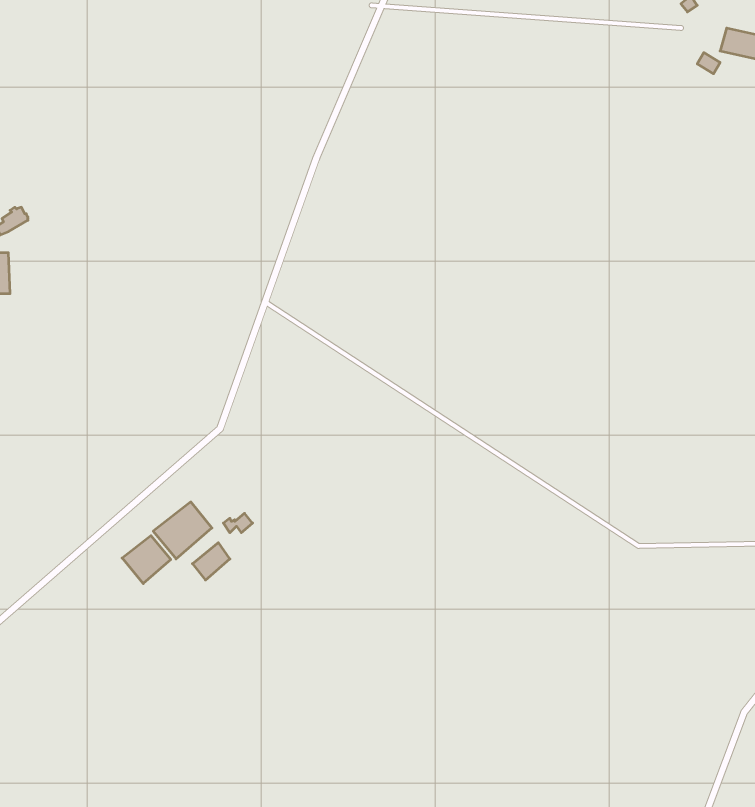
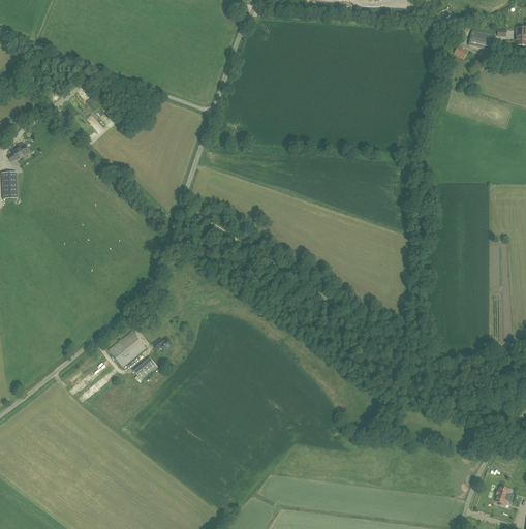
building: [122,536,171,584] -> none

